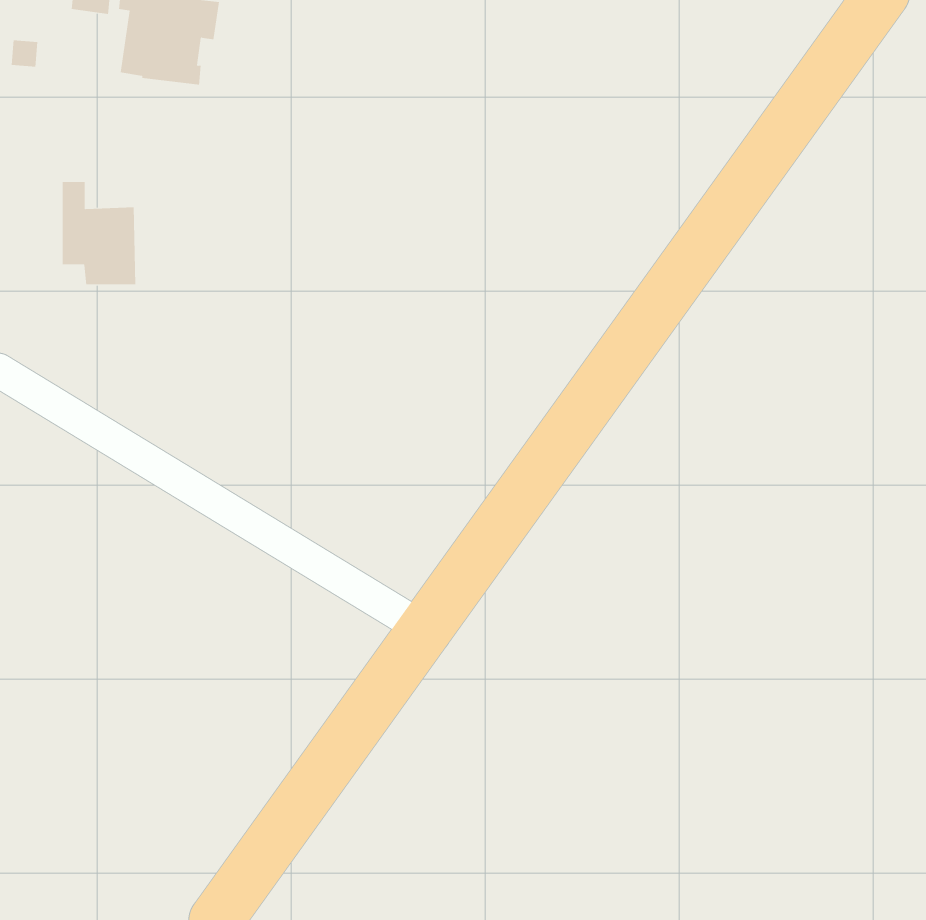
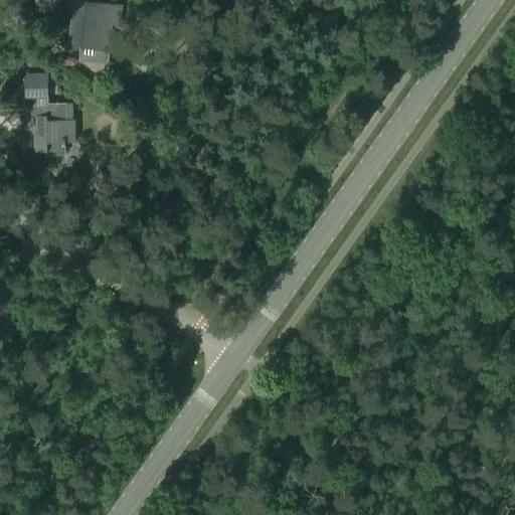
building: none -> [24,72,47,94]

